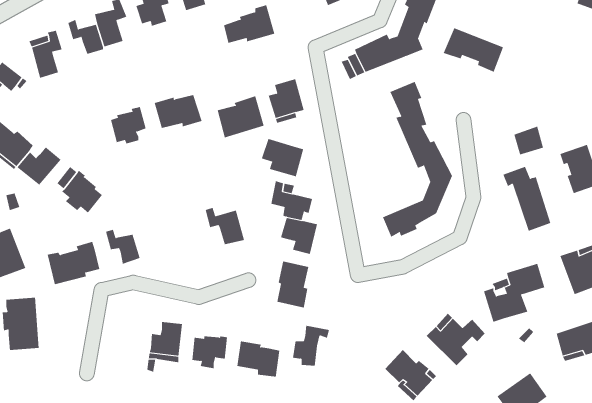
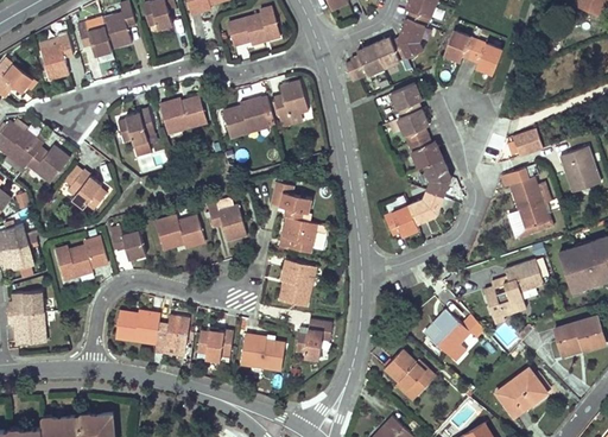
building: [261,138,304,177] -> none
building: none -> [158,217,208,252]
building: none -> [115,314,159,344]

